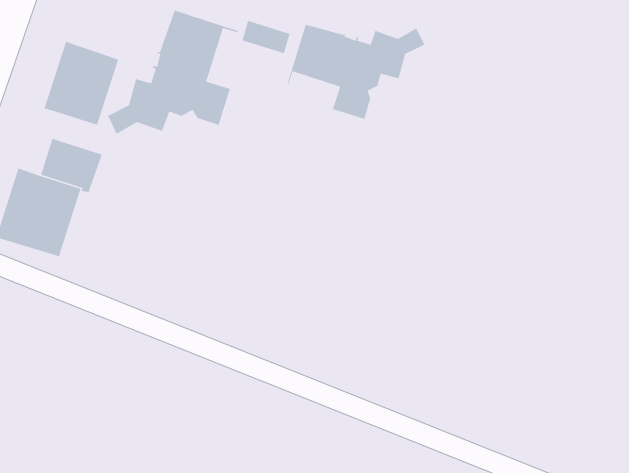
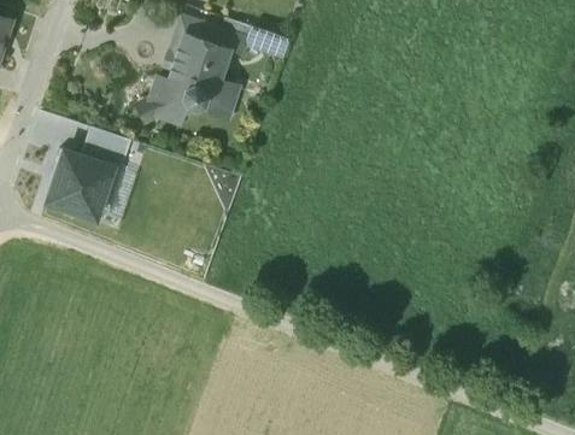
building: [286,24,426,120] -> none
building: [43,41,119,126] -> none

